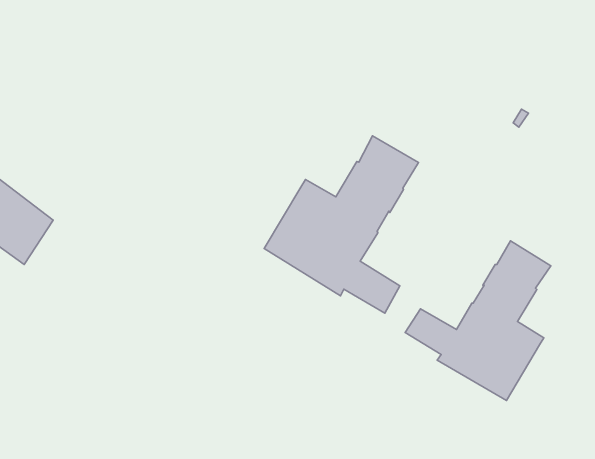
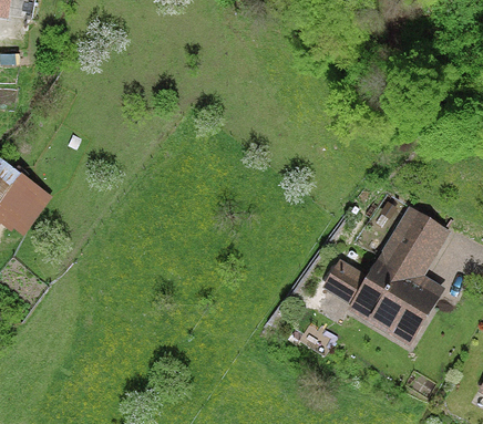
building: [264,136,418,313] -> none

